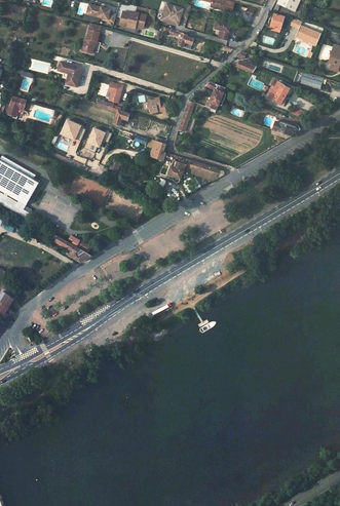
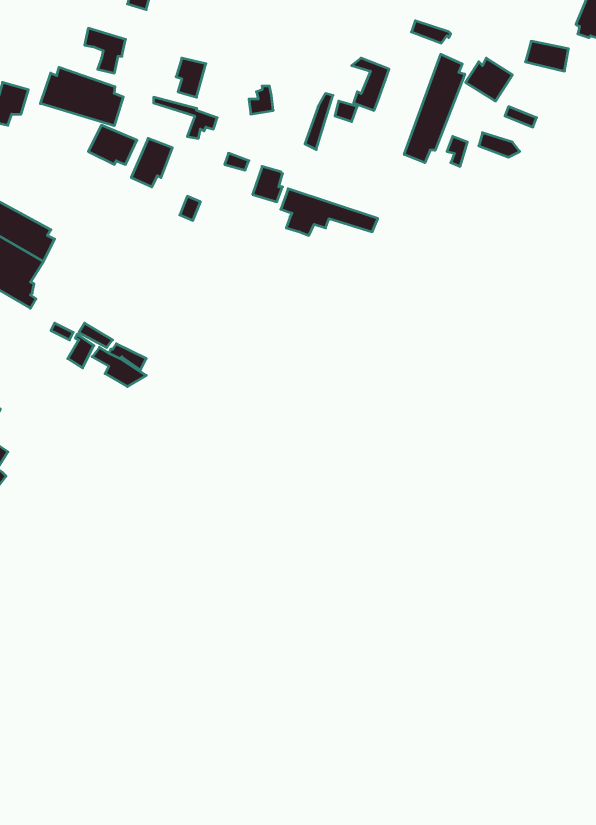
building: none -> [404,54,465,163]
building: none -> [40,67,123,126]

